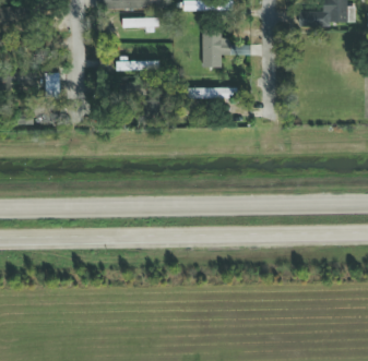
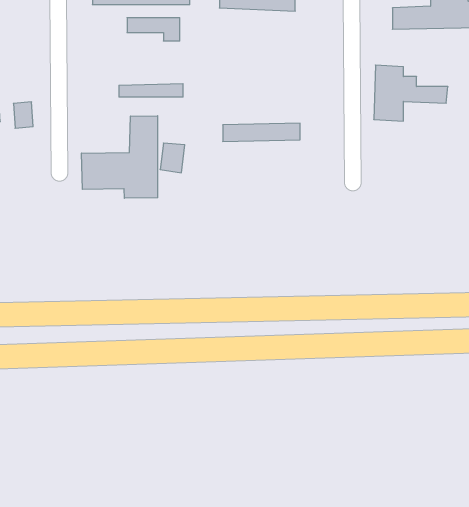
building: [201,29,250,67] -> [374,65,448,121]
building: none -> [82,116,158,198]

